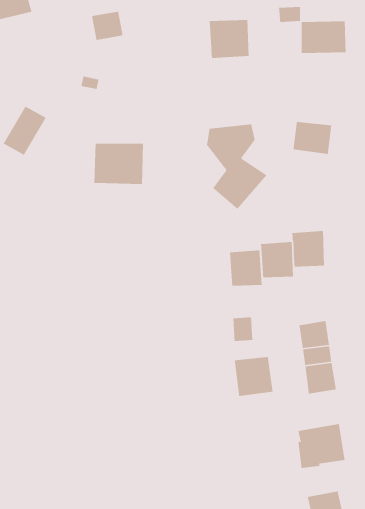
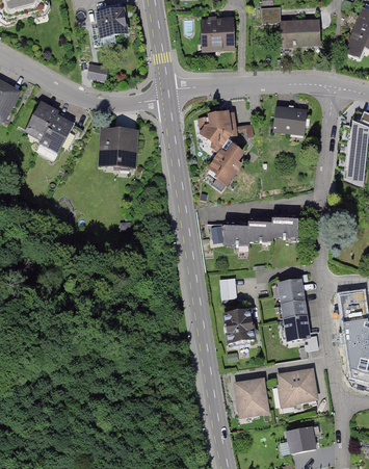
building: none -> [38,104,76,148]
building: none -> [232,379,269,419]

